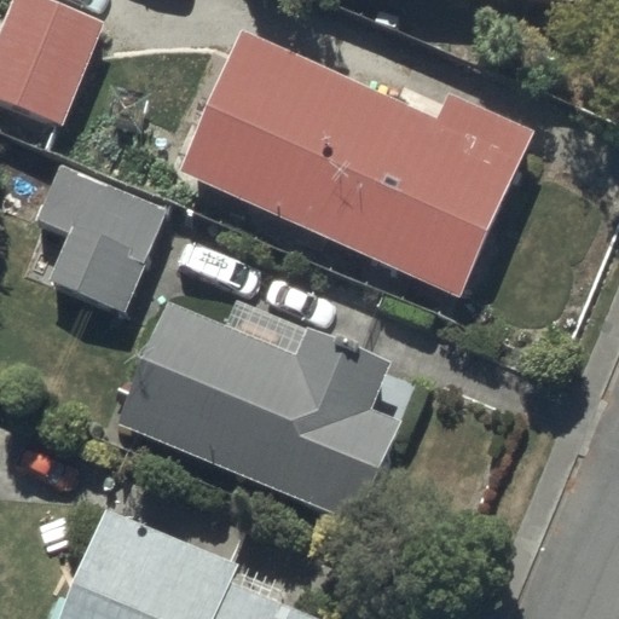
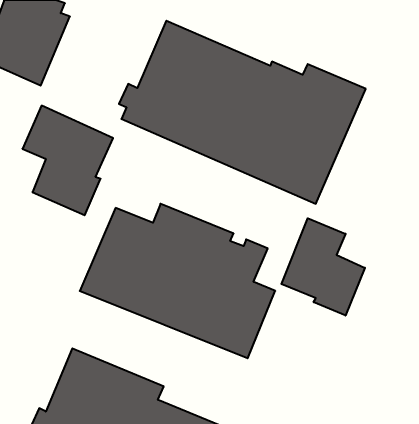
building: none -> [281,218,365,316]

